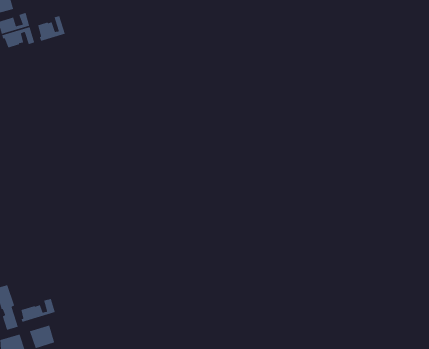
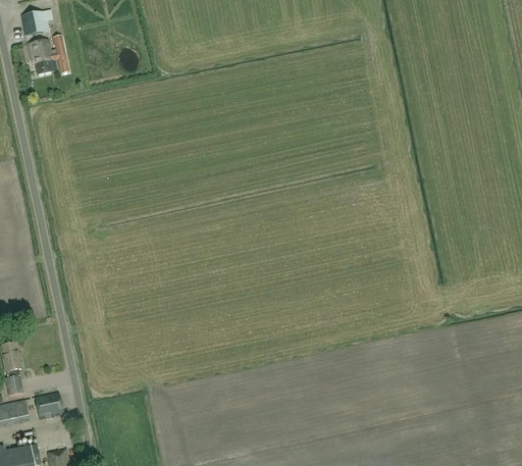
building: [37,15,66,42] -> none
building: [21,298,56,323] -> none

